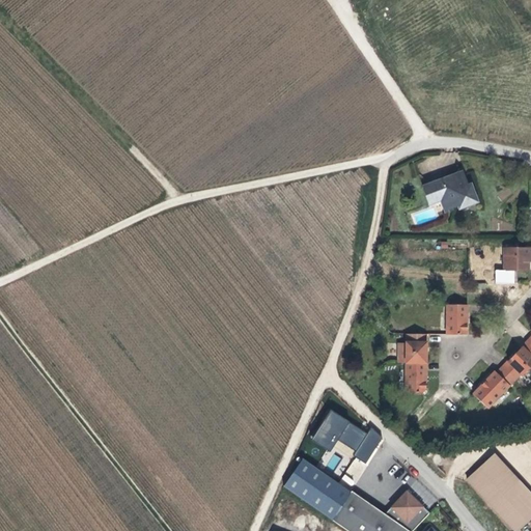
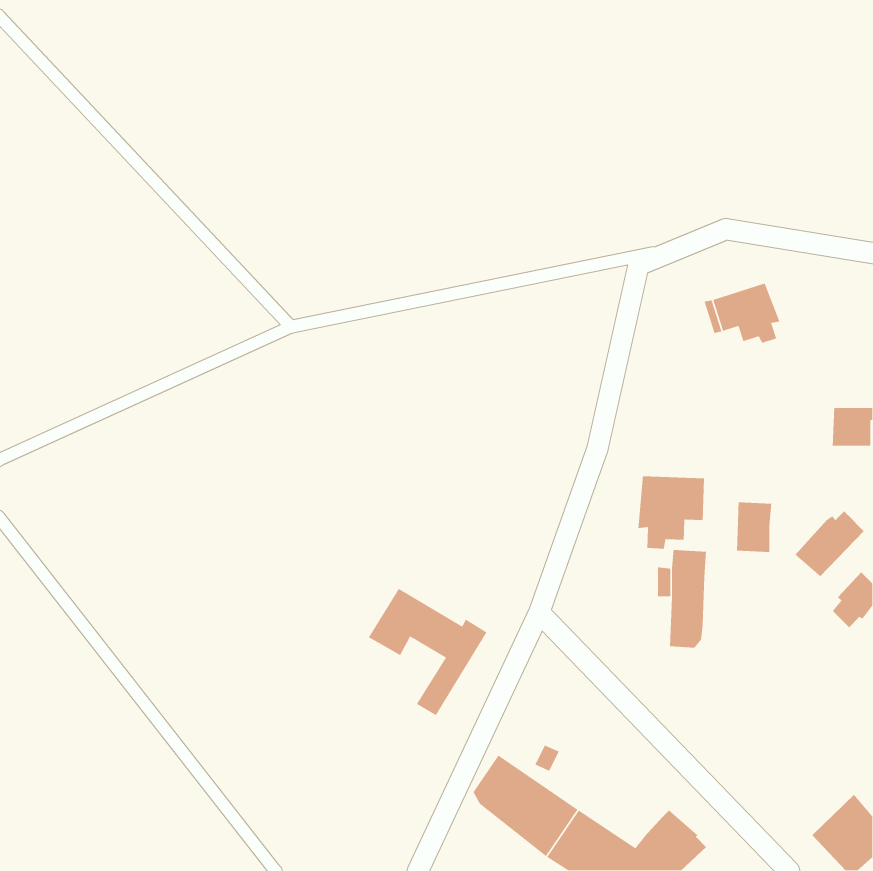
building: none -> [637,476,705,549]
building: [472,368,514,409] -> [794,510,865,577]
building: [310,408,383,485] -> [368,588,488,716]
building: [467,456,518,506] -> none

